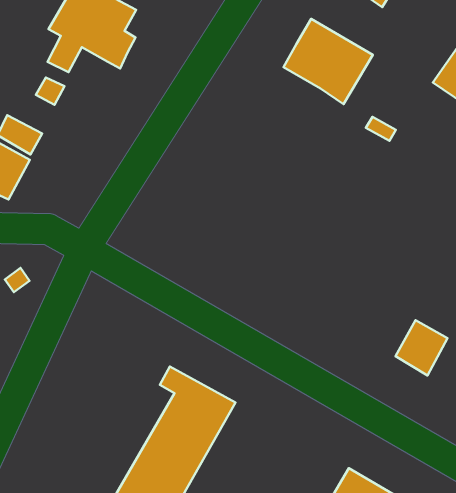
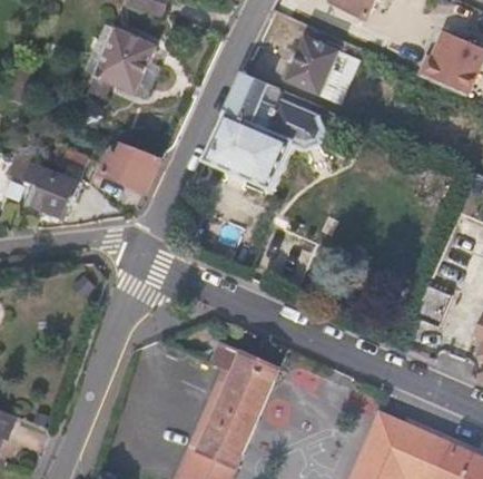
building: none -> [203,71,324,189]
building: none -> [101,139,161,192]

